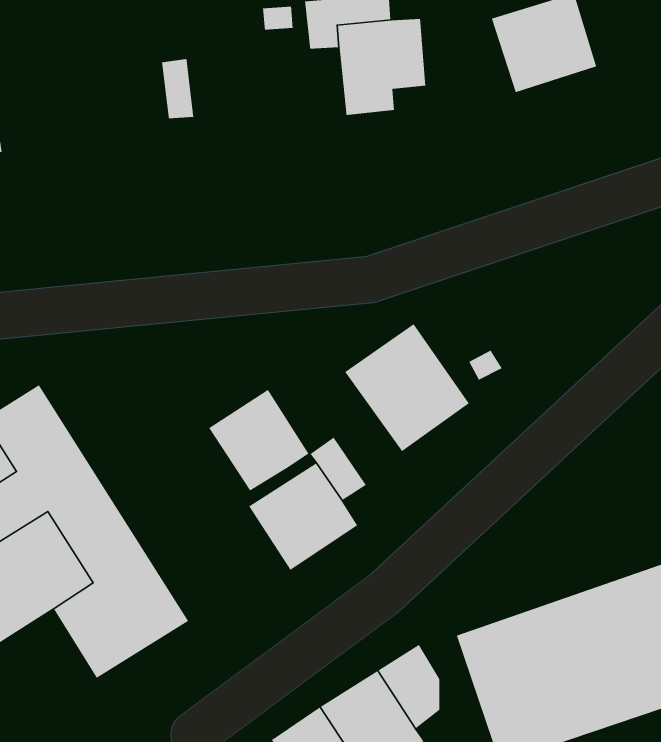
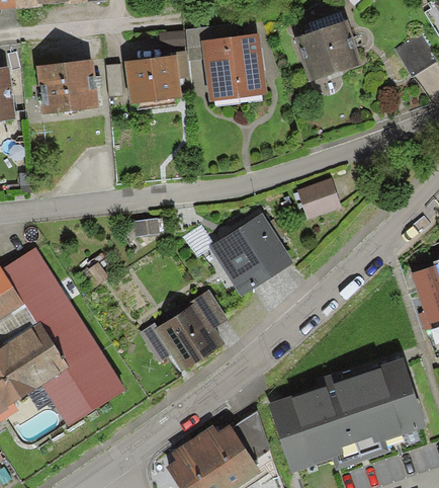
building: none -> [127,52,188,103]
building: none -> [43,65,98,114]
building: none -> [298,174,338,209]
building: [208,389,309,491] -> none

